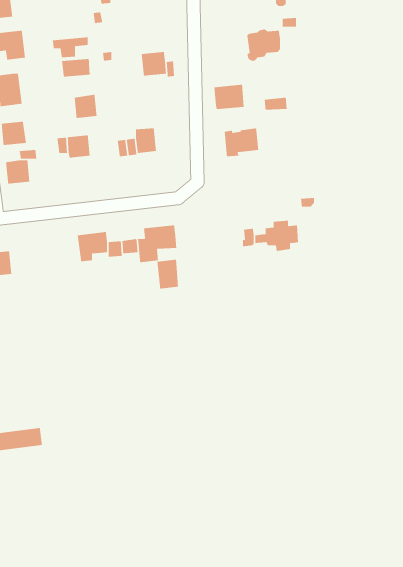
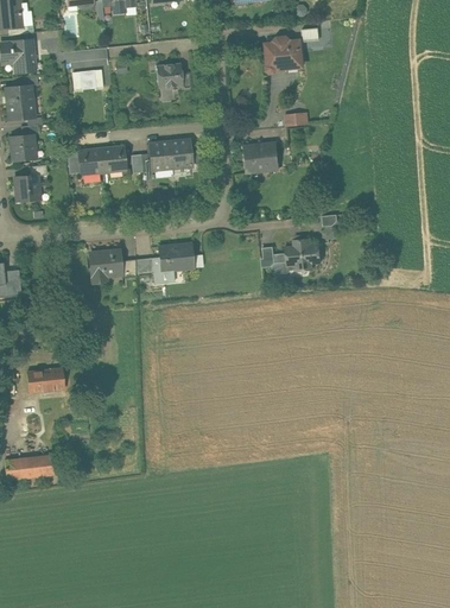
building: [214,84,245,114] -> none
building: [74,94,98,119] -> [101,146,126,172]
building: none -> [170,140,192,167]
building: [156,259,179,289] -> none
building: none -> [26,369,64,392]

